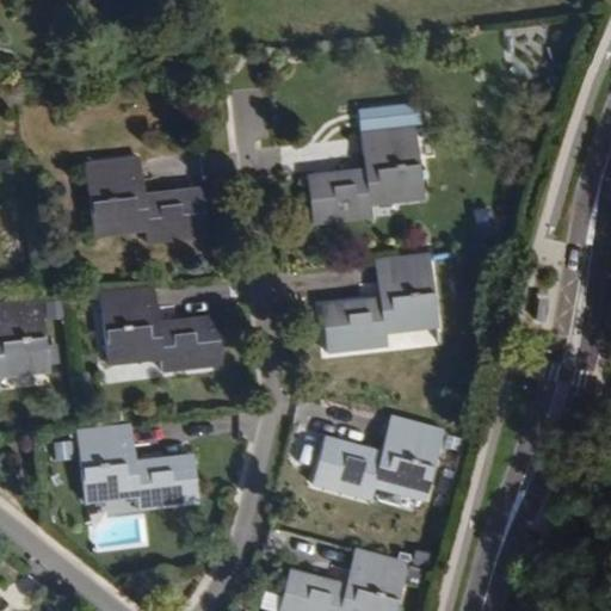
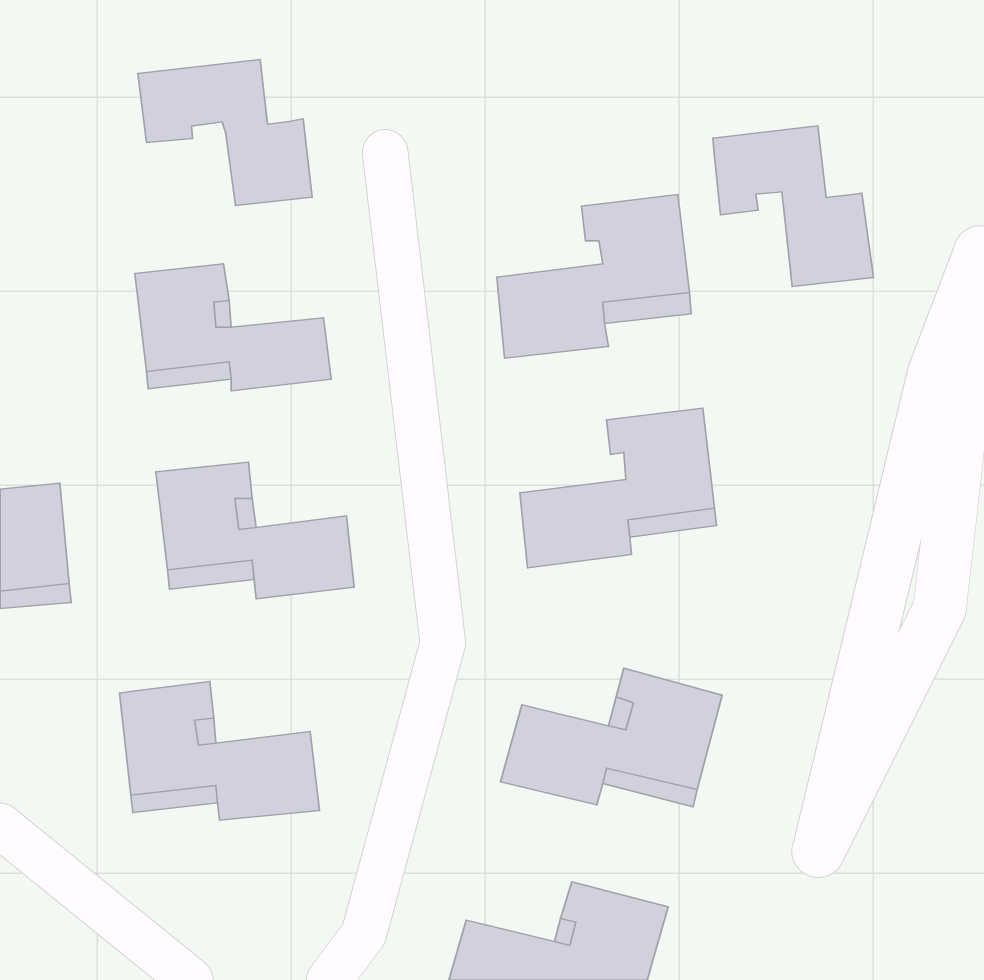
building: none -> [138,59,312,206]
building: none -> [713,126,873,286]

